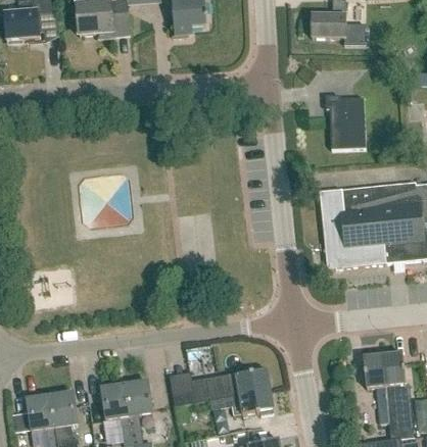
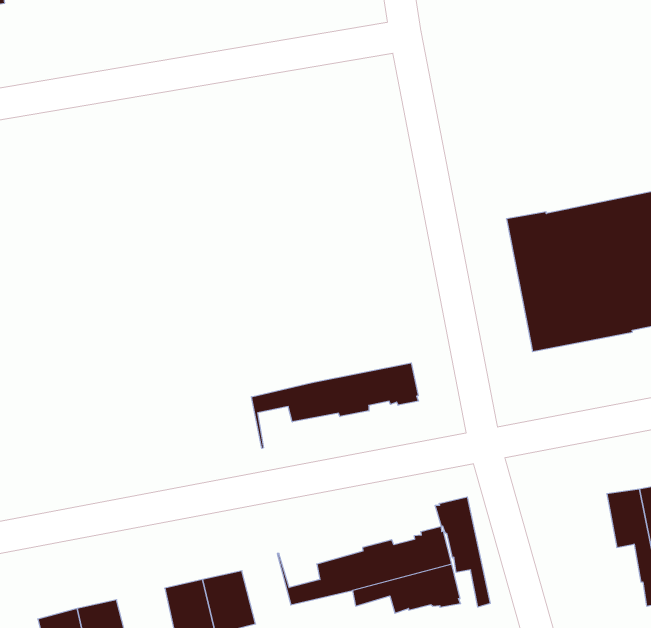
building: [326,94,366,148] -> none
building: none -> [251,363,418,448]
building: none -> [435,497,490,607]

